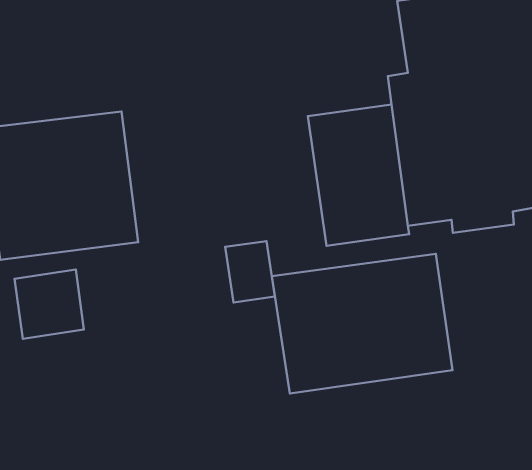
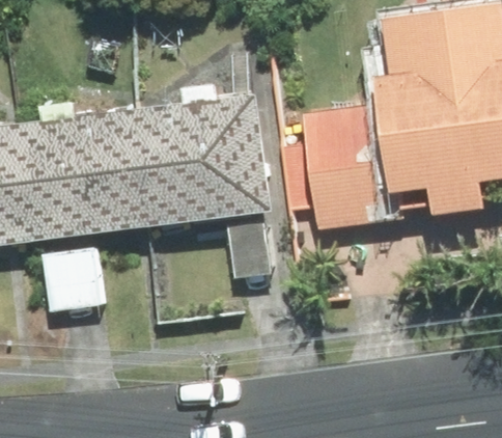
building: none -> [138,93,270,224]
building: [272,254,452,393] -> none

